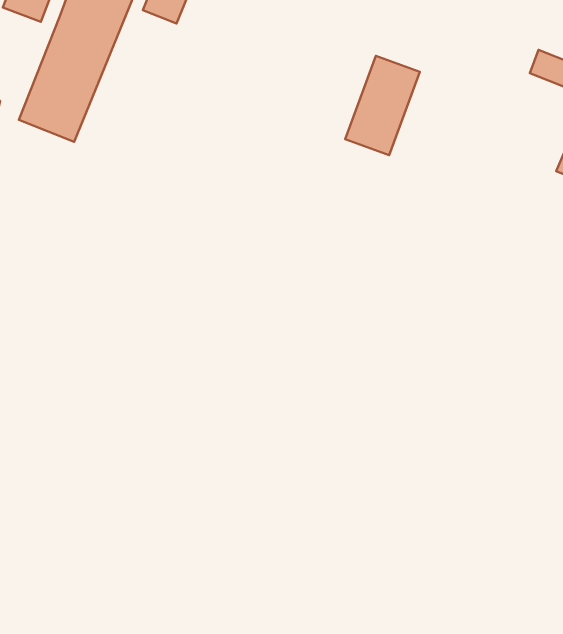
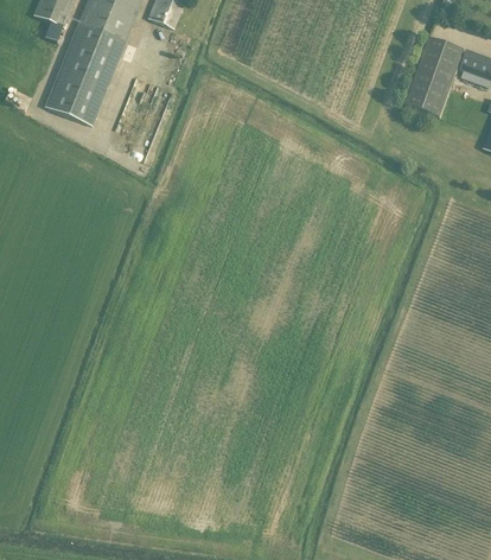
building: [345,56,420,155] -> [404,36,465,116]

